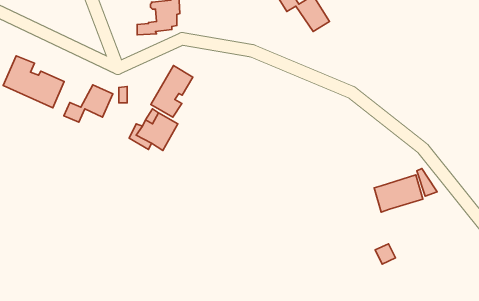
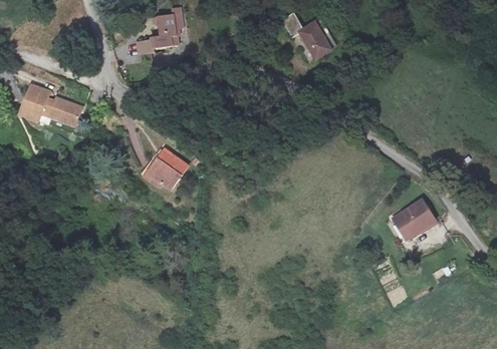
building: [151,65,193,117] -> none
building: [64,85,113,122] -> none

